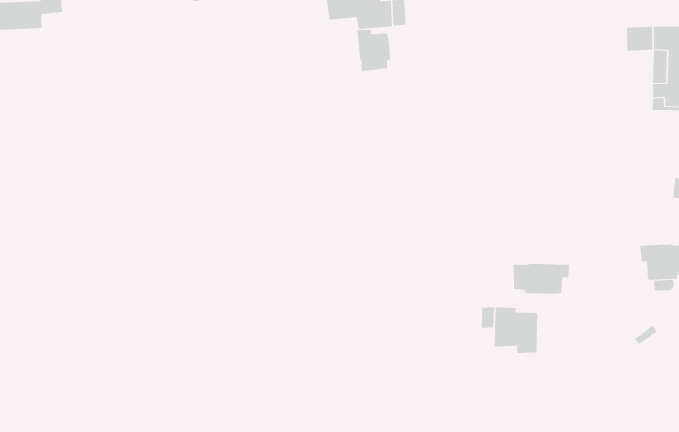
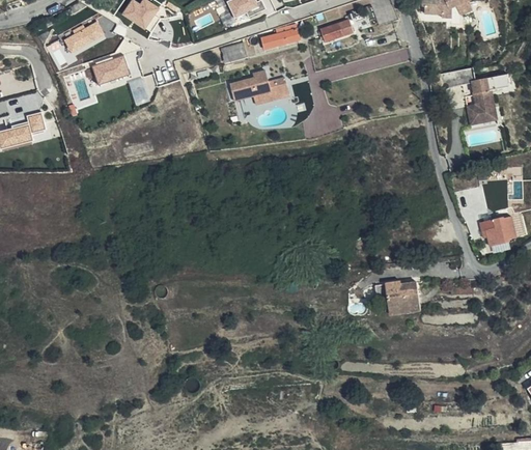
building: [357,29,390,72] -> none
building: [513,263,570,294] -> none

